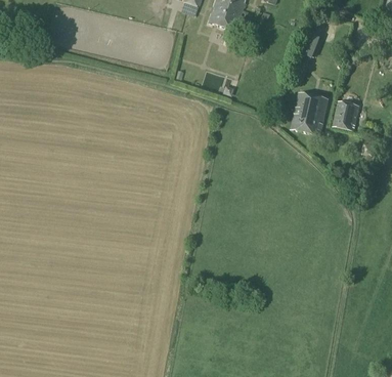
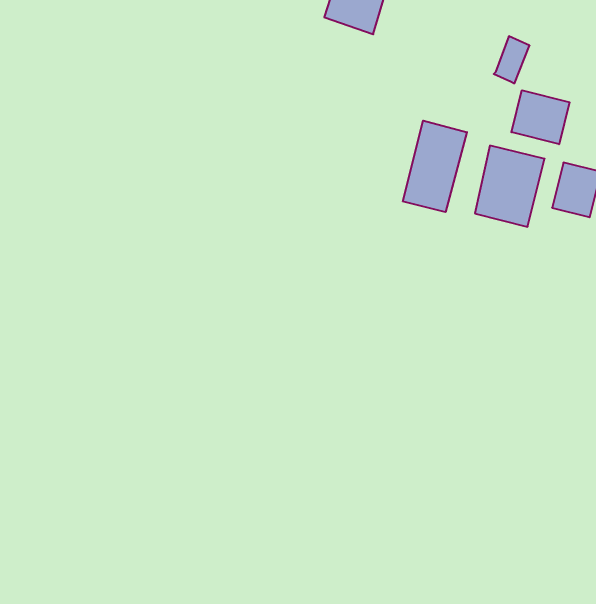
building: none -> [511,90,570,144]
building: none -> [403,121,467,212]

